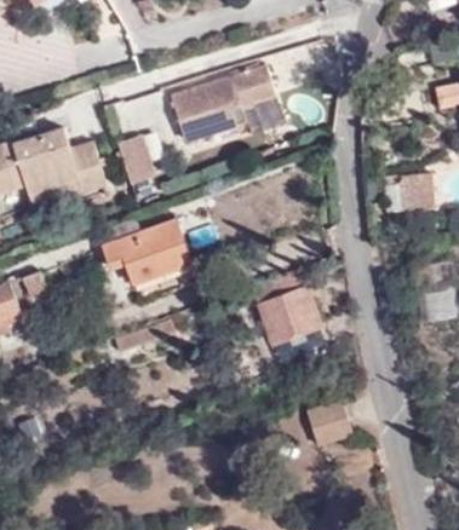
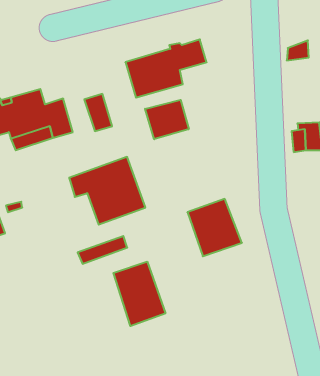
building: none -> [145,100,189,139]
building: none -> [113,262,165,326]
building: [306,398,350,444] -> none

